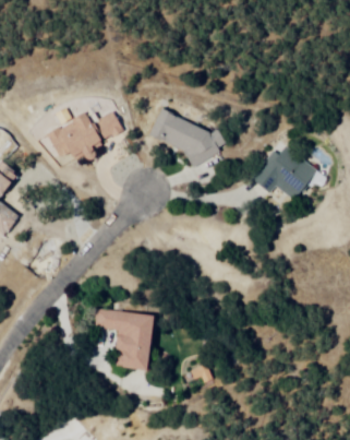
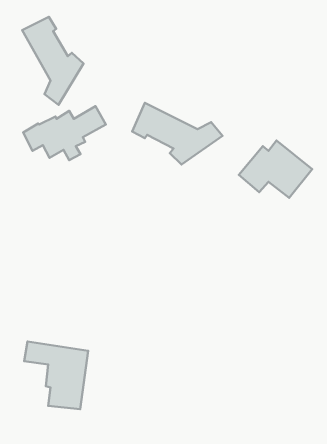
building: none -> [22,17,84,105]
building: [93,308,154,372] -> [24,342,88,409]

